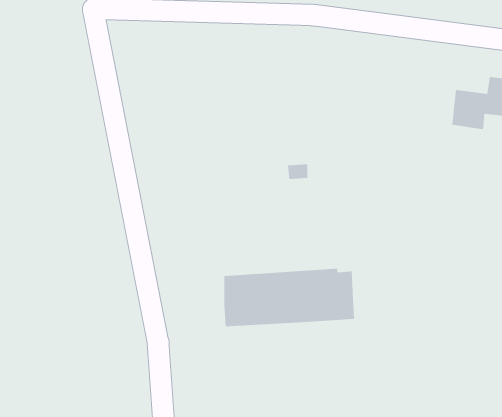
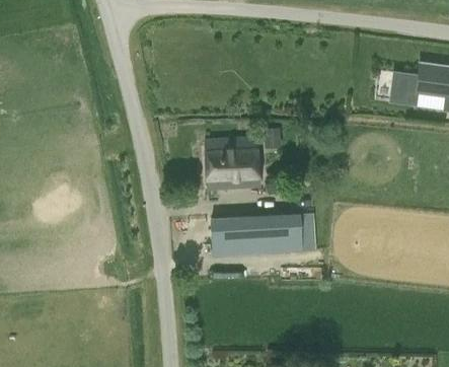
building: none -> [203,138,260,192]

